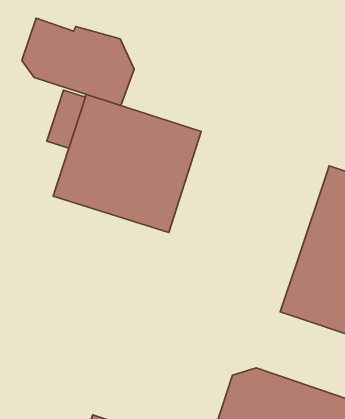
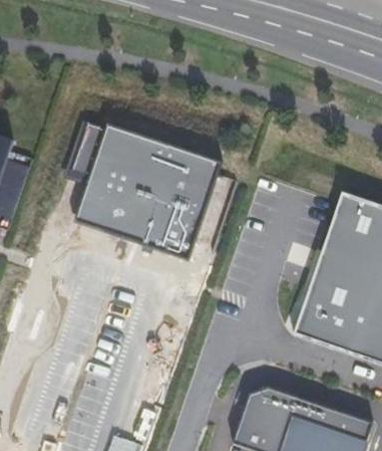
building: [22,18,134,106] -> none

